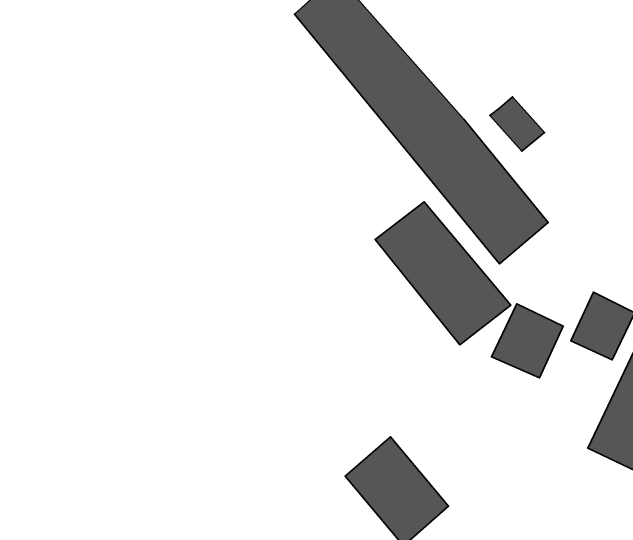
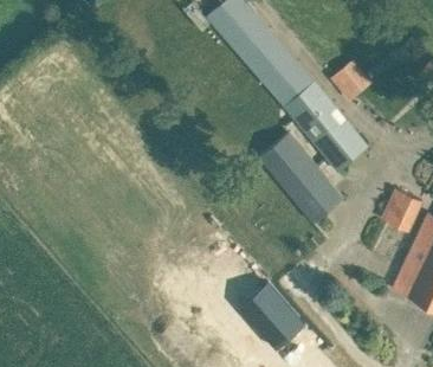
building: [491,304,563,378] -> none

